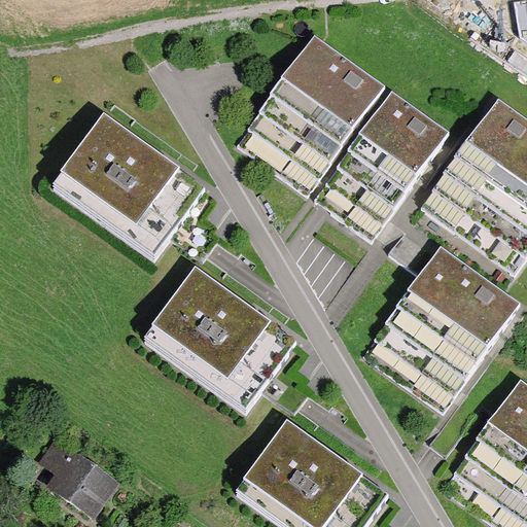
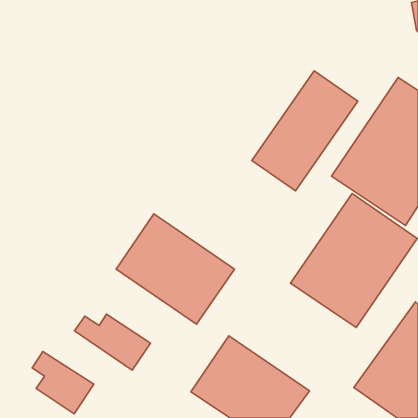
building: [236,33,384,192] -> none
building: [54,114,202,253] -> none
building: none -> [75,314,150,370]

